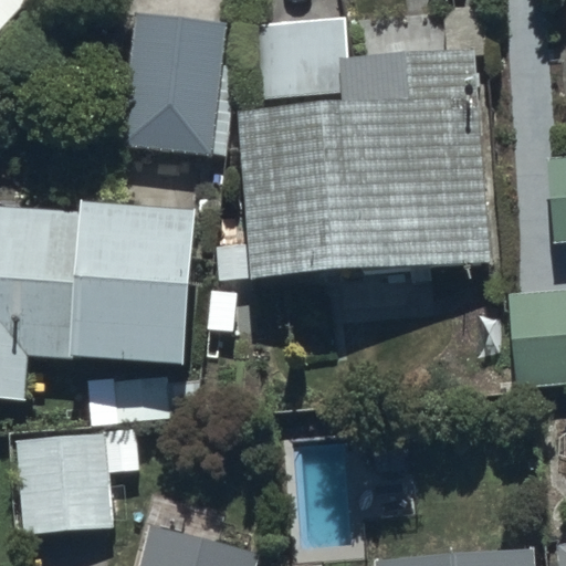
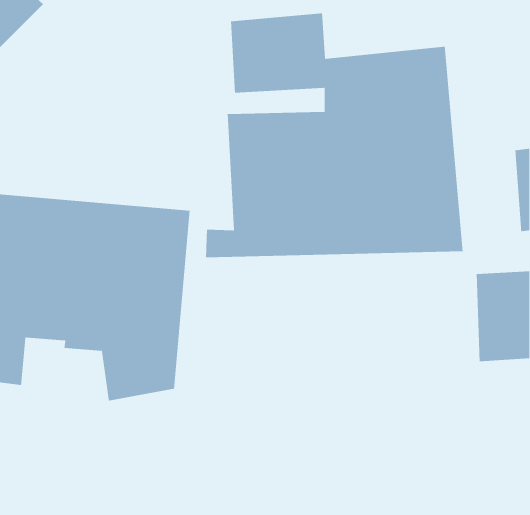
building: [123,17,227,158] -> none
building: [11,433,114,536] -> none

